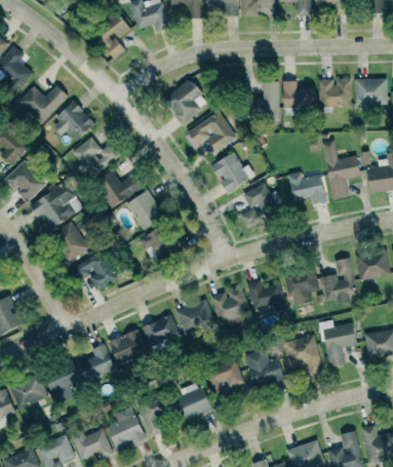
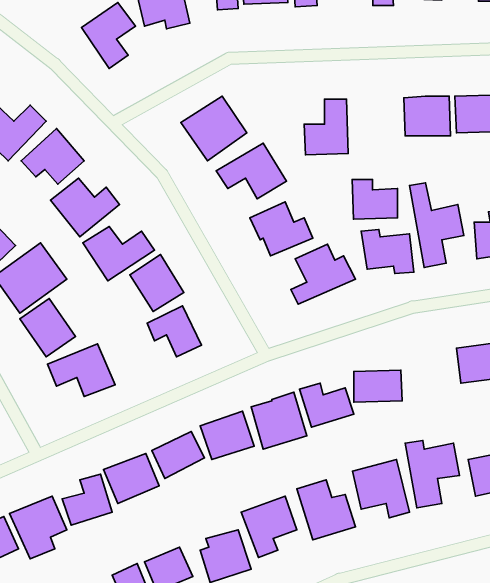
building: [282,81,314,109] -> [352,180,398,219]
building: [320,258,357,304] -> none

